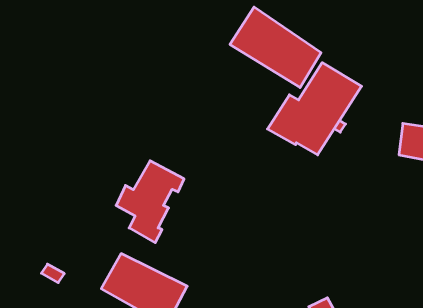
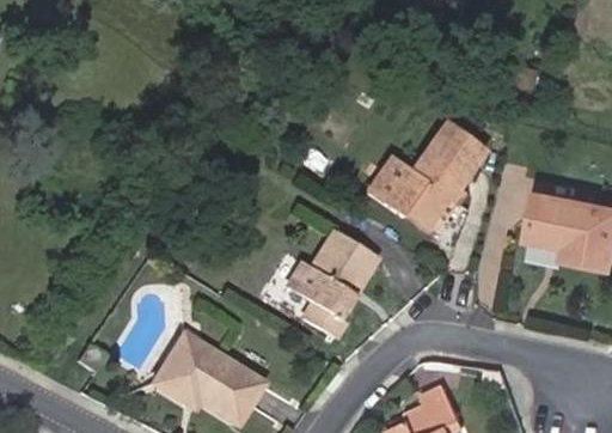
building: [230,7,321,88] -> none
building: [116,161,184,243] -> [288,233,374,335]

